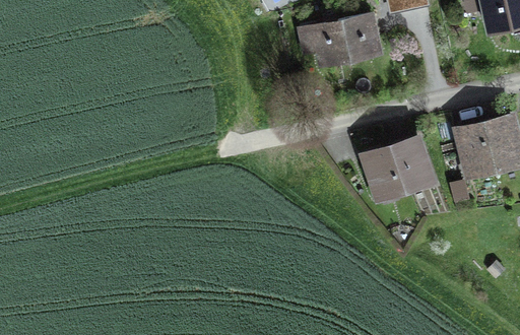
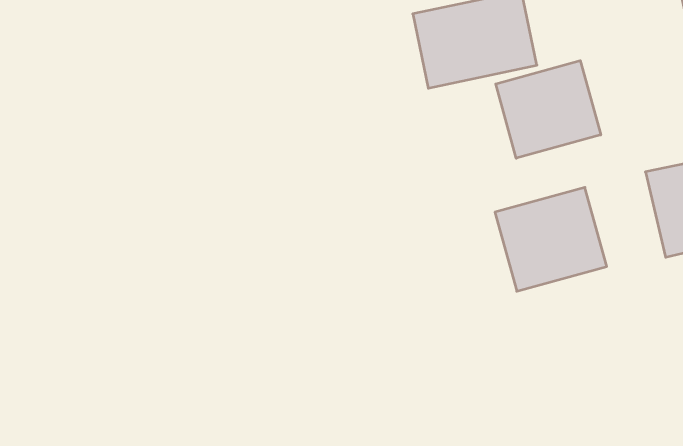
building: none -> [496,61,601,158]

